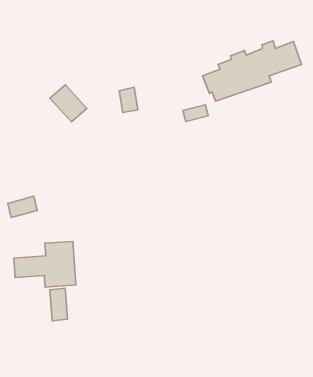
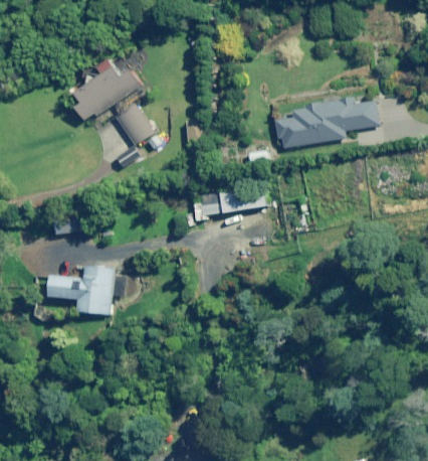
building: none -> [74,50,141,121]
building: none -> [192,184,264,217]
building: [50,288,67,321] -> none

